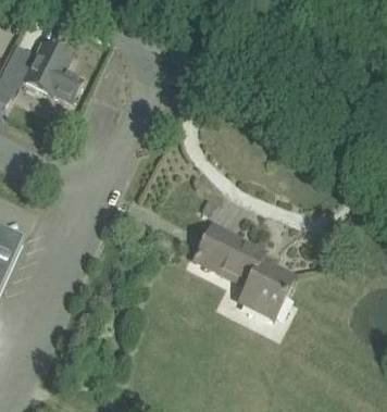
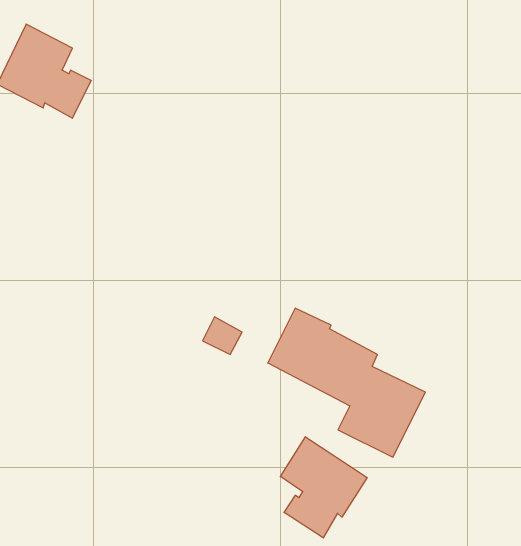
building: none -> [280,437,367,538]

